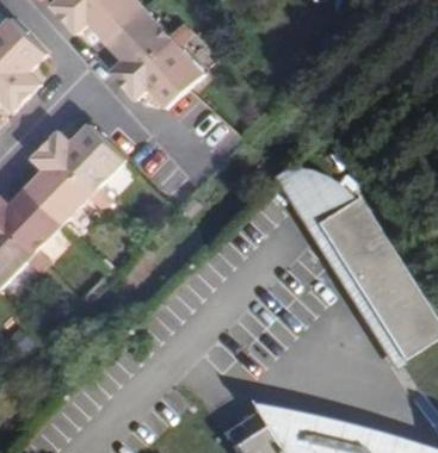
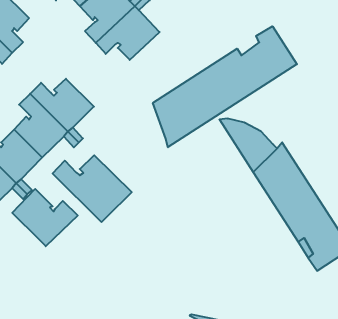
building: none -> [153,26,297,147]
building: none -> [53,155,132,222]
building: none -> [12,189,78,246]

